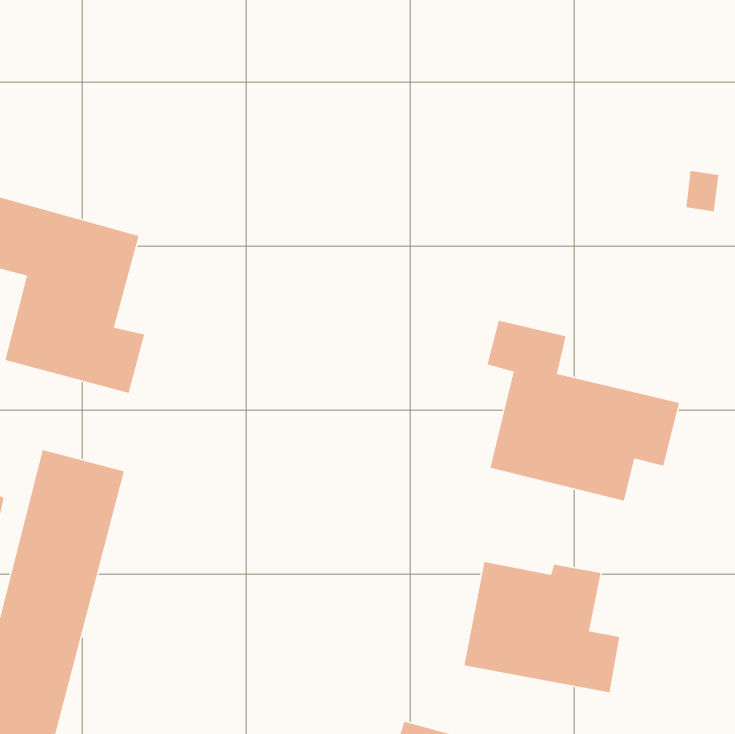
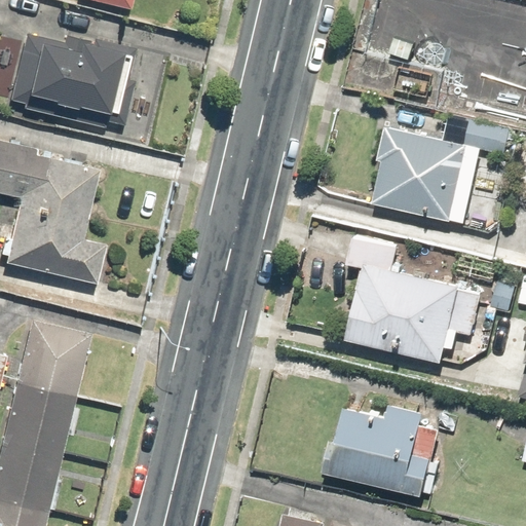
building: none -> [4,36,135,135]
building: none -> [372,122,488,225]

